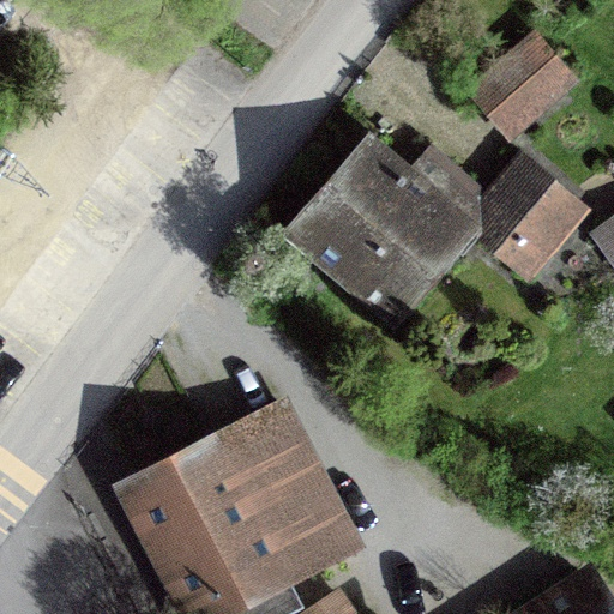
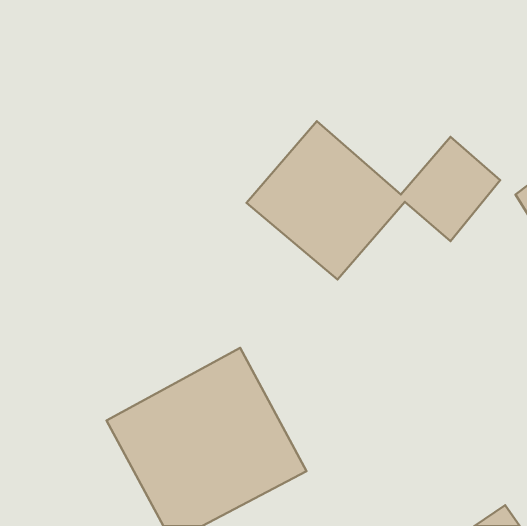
building: [475,31,573,128] -> none

